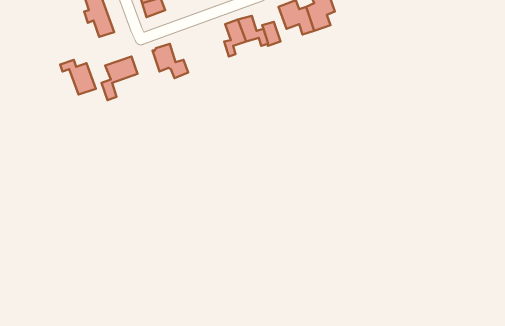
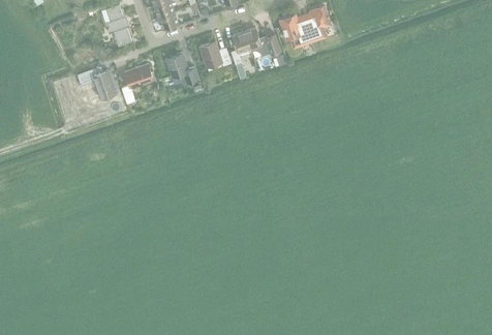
building: none -> [198,40,229,66]

